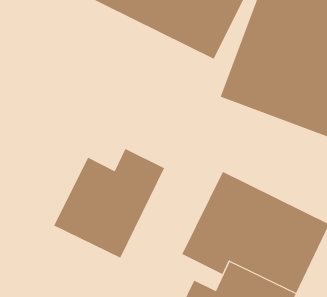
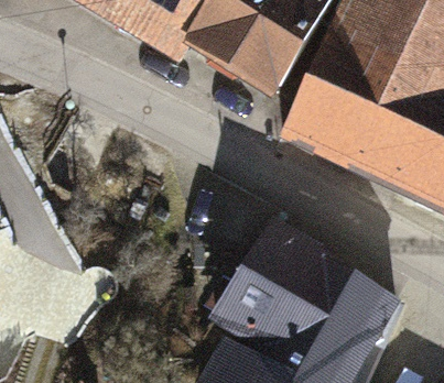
building: [53,148,165,258] -> none

